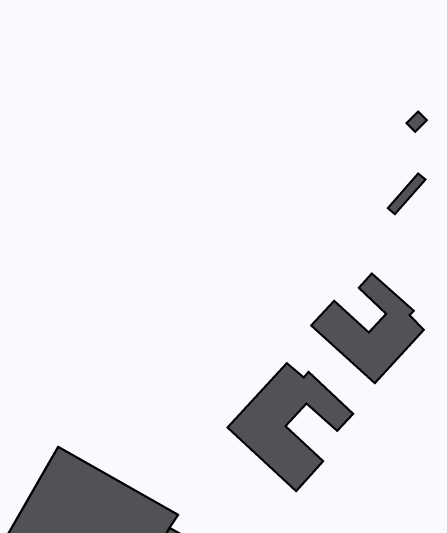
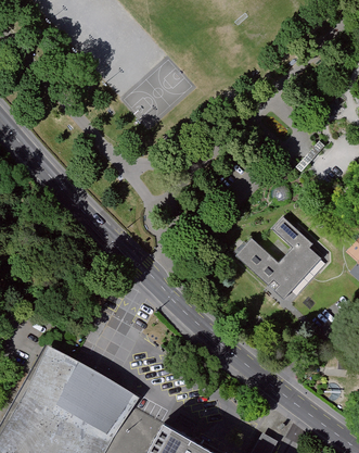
building: [228,363,353,491] -> none

